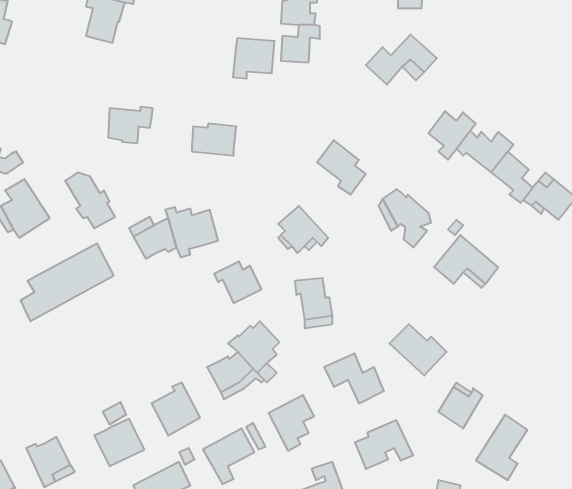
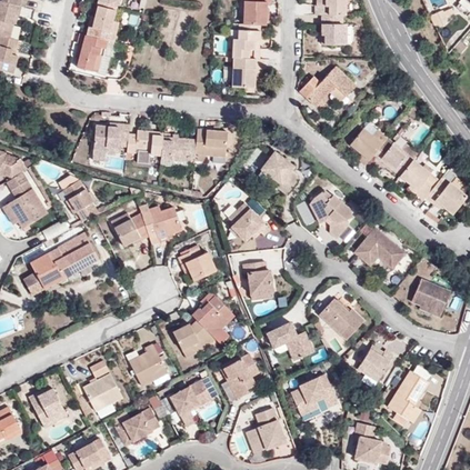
building: [233,38,275,79] -> [193,130,227,162]
building: none -> [126,131,162,156]
building: none -> [410,279,449,317]

